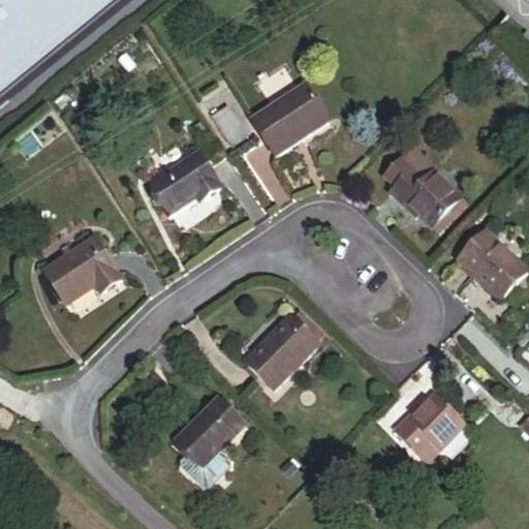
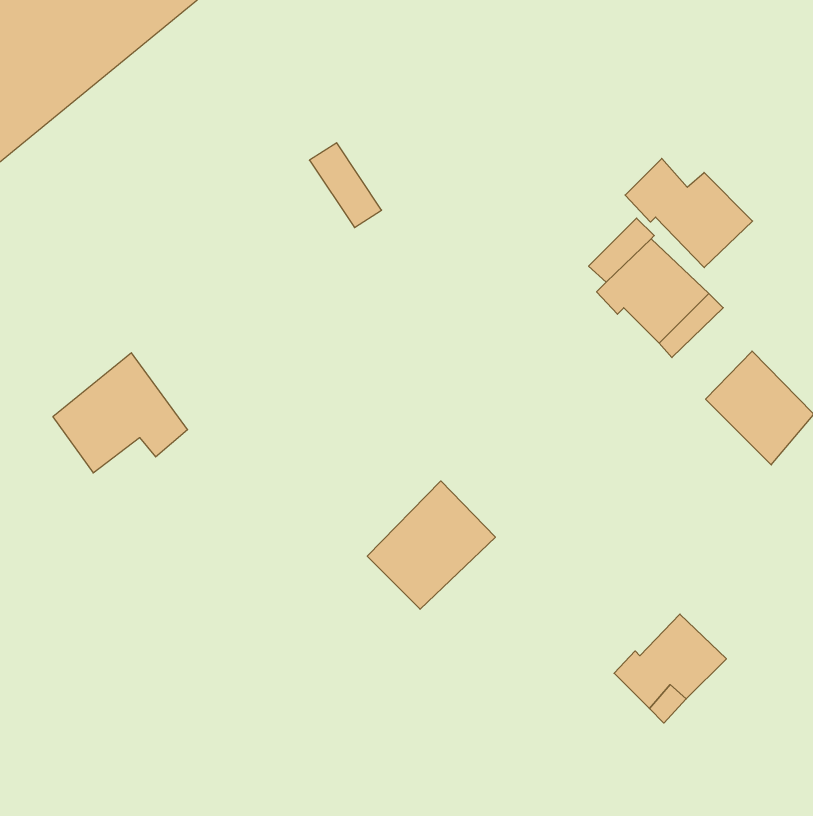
building: [250,77,330,155] -> none
building: none -> [625,158,753,268]
building: [142,148,221,213] -> none
building: [176,394,246,487] -> none

